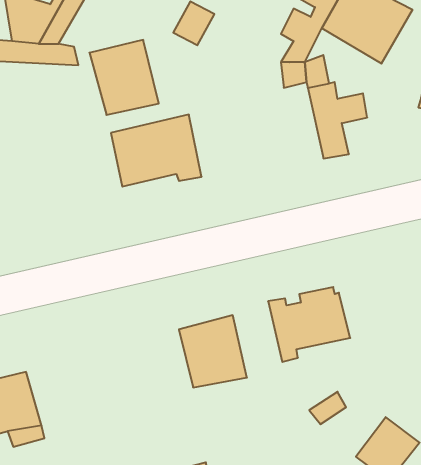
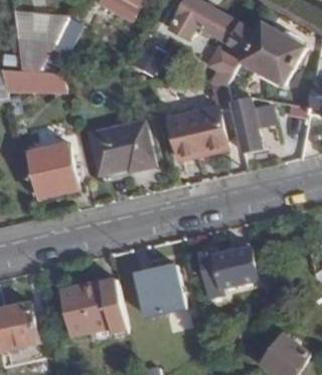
building: [89,40,159,115] -> [28,144,77,197]
building: none -> [167,107,226,161]
building: none -> [60,280,128,338]

